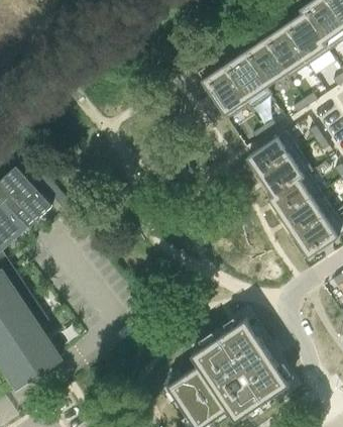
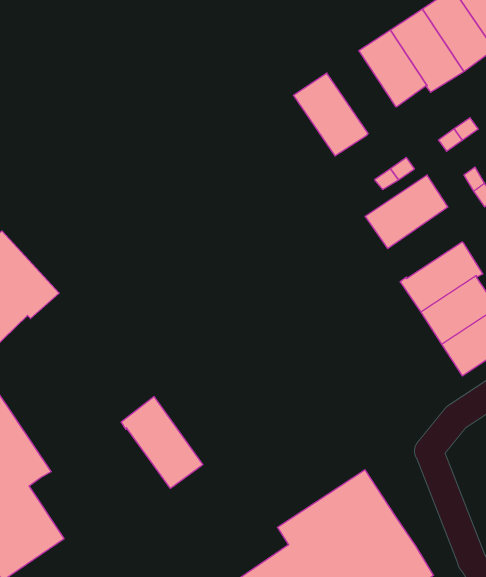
building: [223,51,272,109] -> none
building: [261,150,314,196] -> none
building: none -> [121,397,203,488]

